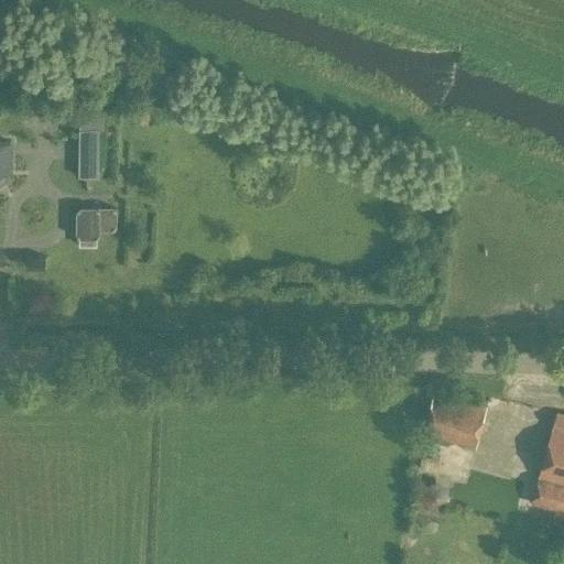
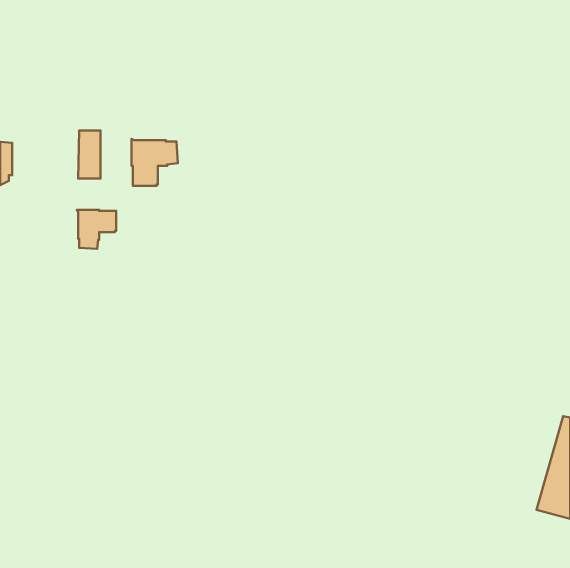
building: none -> [132,139,178,186]
building: [422,393,486,451] -> none

